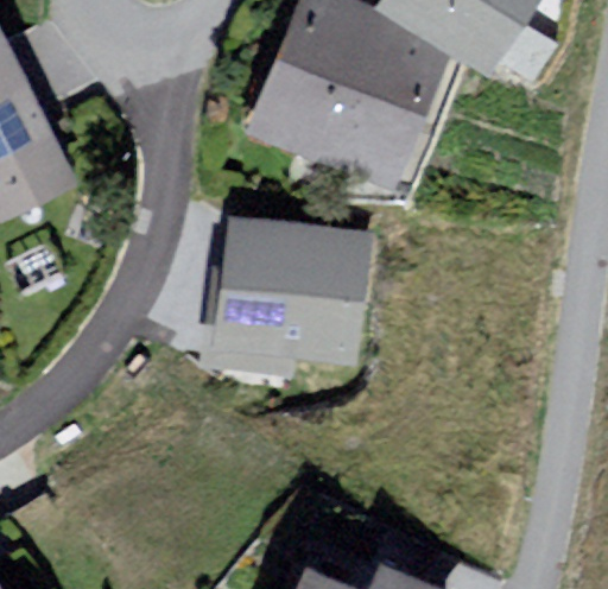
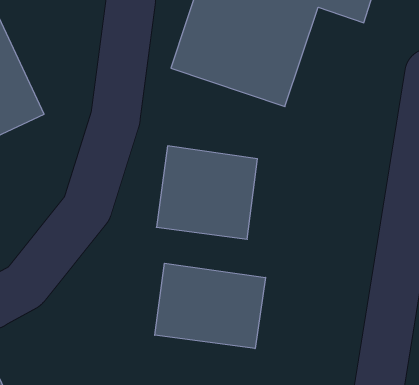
building: none -> [155,263,266,349]

